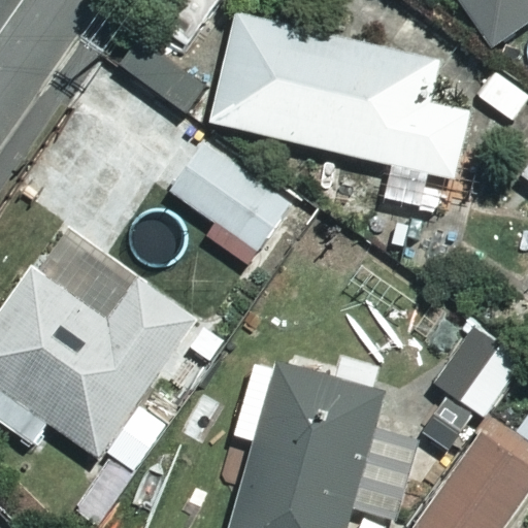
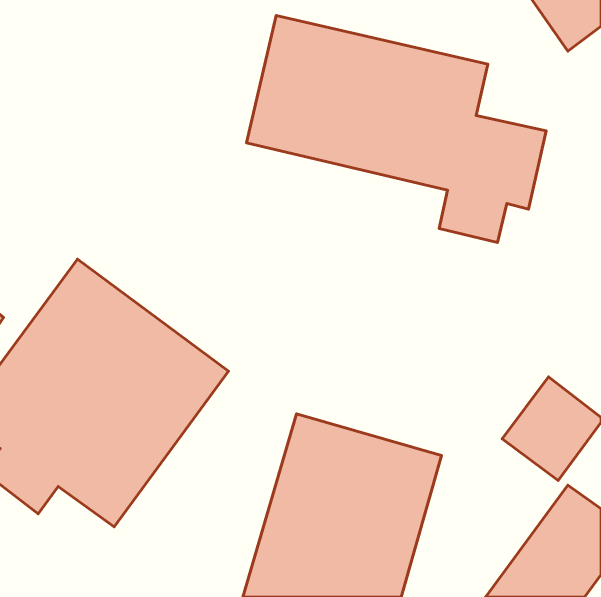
building: [170,140,294,254] -> none

